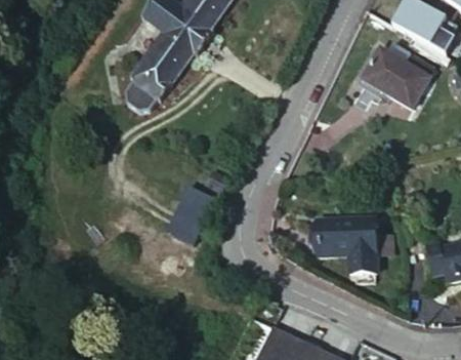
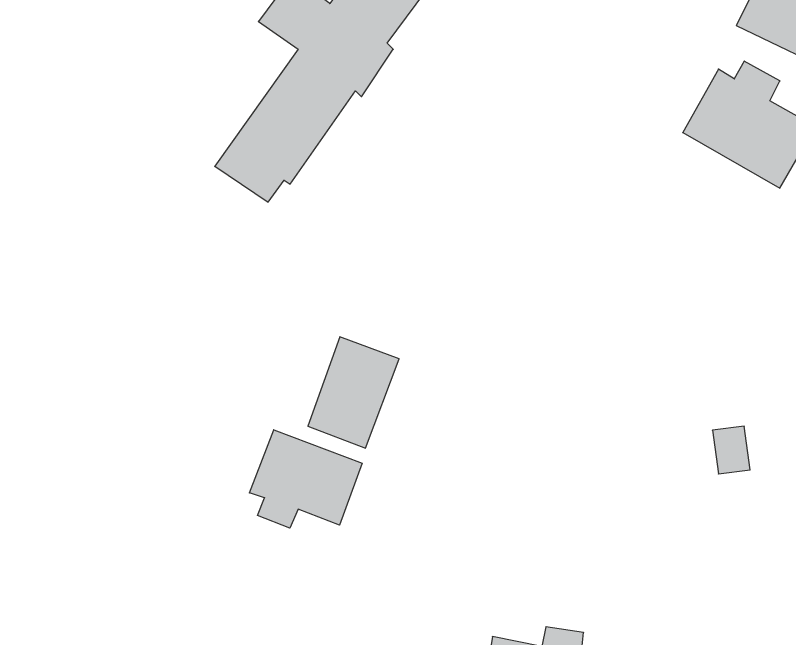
building: [317,219,373,275] -> none
building: none -> [249,430,362,528]

